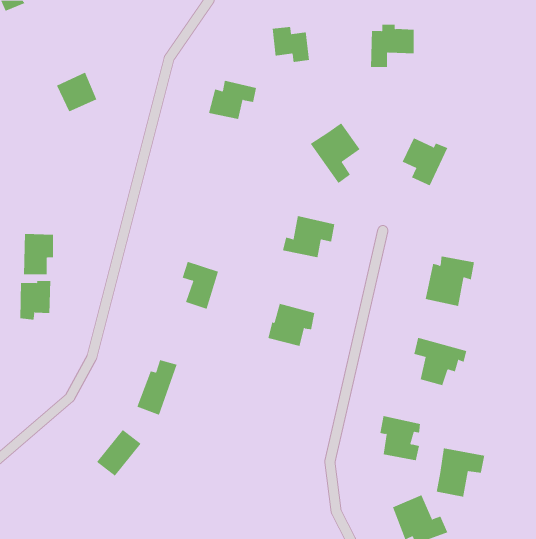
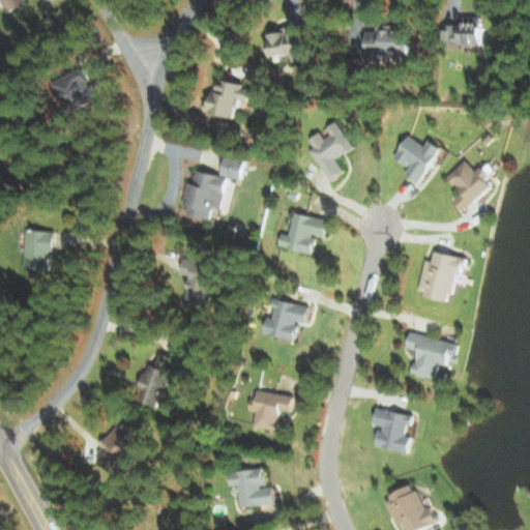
building: none -> [443,16,481,46]
building: none -> [181,156,243,218]
building: none -> [445,158,491,211]
building: [20,280,51,320] -> none
building: none -> [246,389,293,432]
building: [436,447,485,498] -> none
building: none -> [227,468,274,507]

